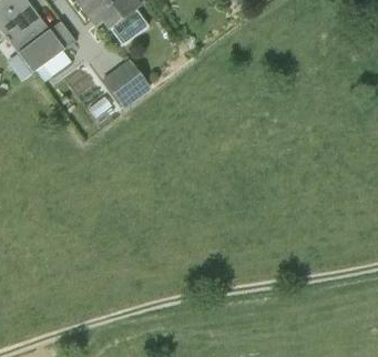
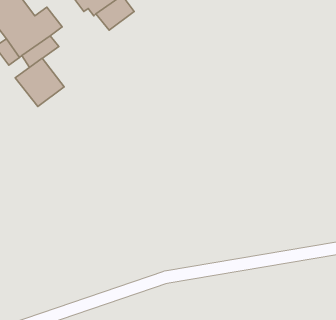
building: [100,58,150,106] -> [15,58,64,106]

